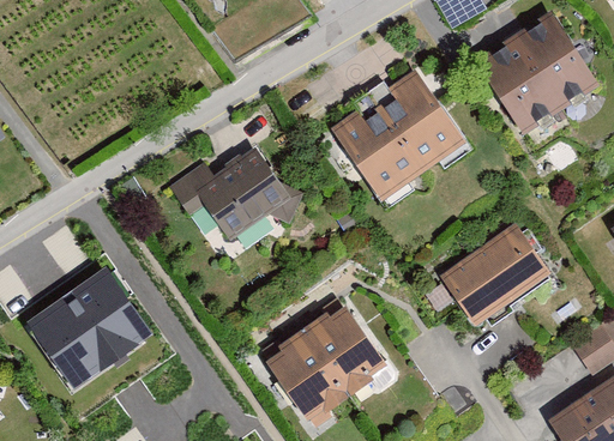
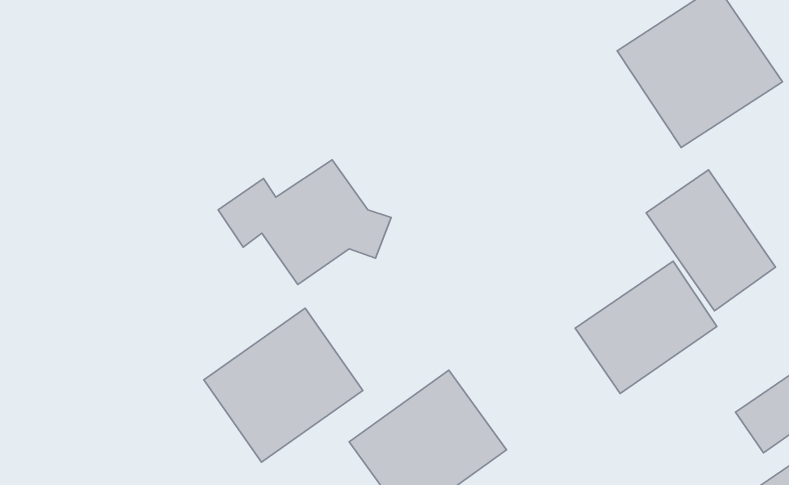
building: [333,71,468,201] -> none
building: none -> [646,170,775,311]
building: [25,266,148,385] -> [204,308,363,462]

